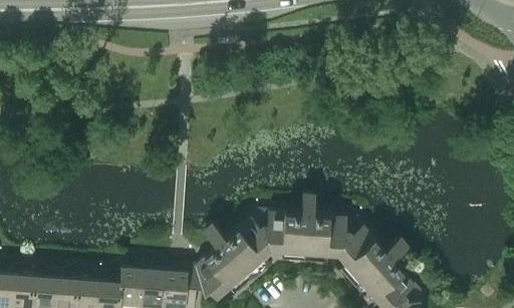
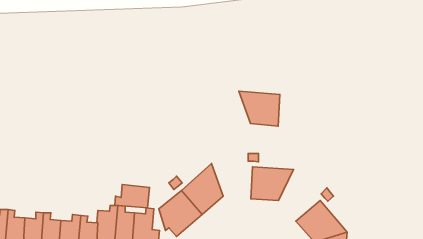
building: [257,209,306,251] -> [239,91,280,126]
building: [337,216,388,278] -> none
building: none -> [115,185,149,208]

